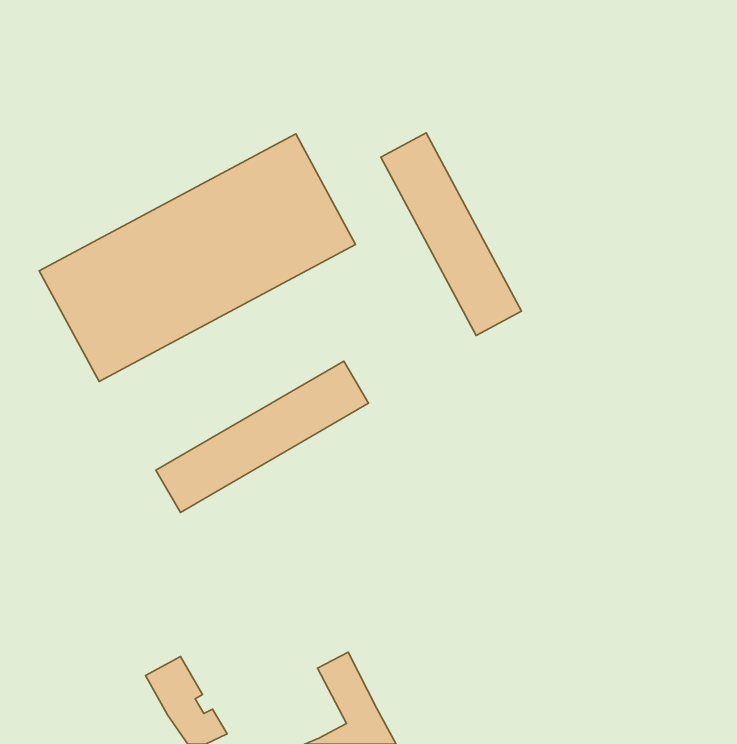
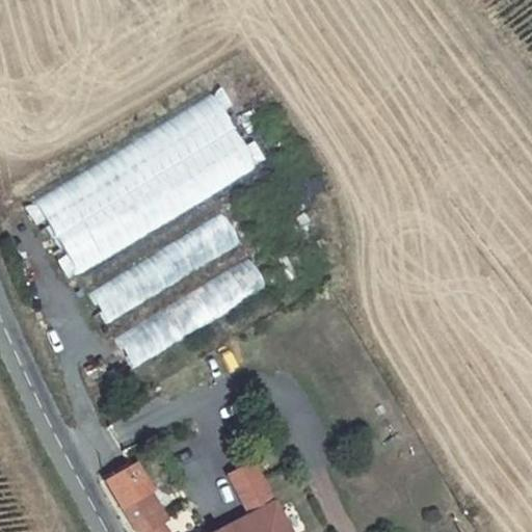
building: [381,133,522,335] -> none
building: none -> [89,217,242,317]

